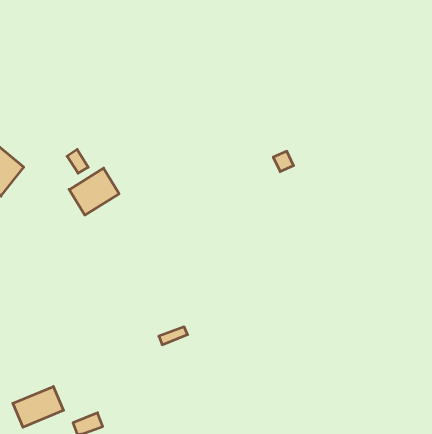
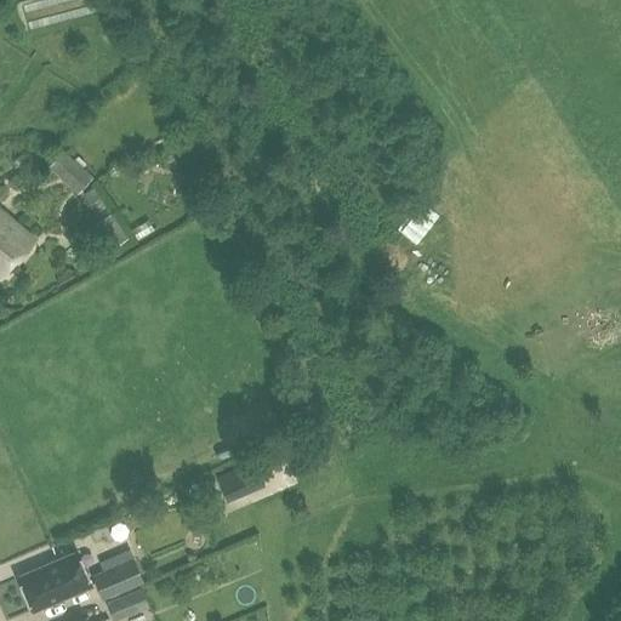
building: none -> [46,150,92,194]
building: [69,168,119,215] -> none
building: none -> [91,558,141,600]

